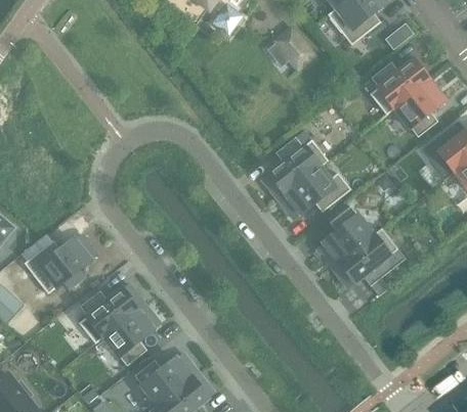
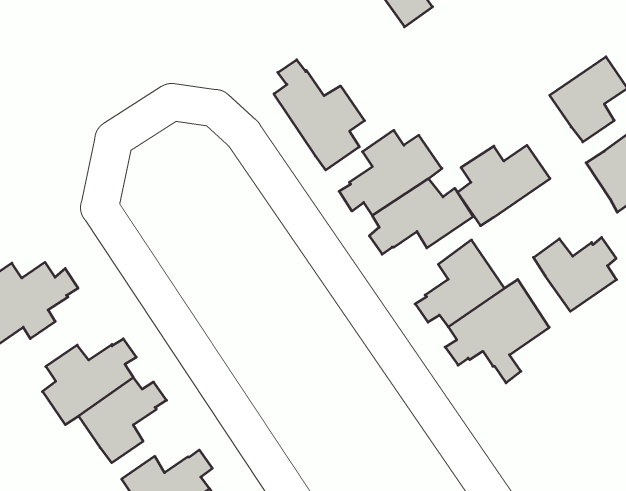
building: [370,59,429,113] -> [458,145,550,226]
building: none -> [274,60,365,170]
building: none -> [533,237,617,311]

